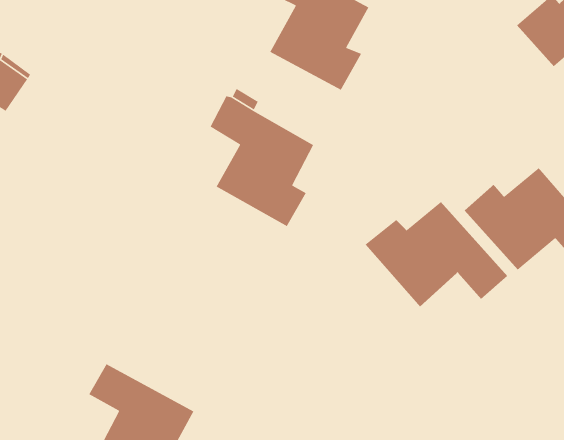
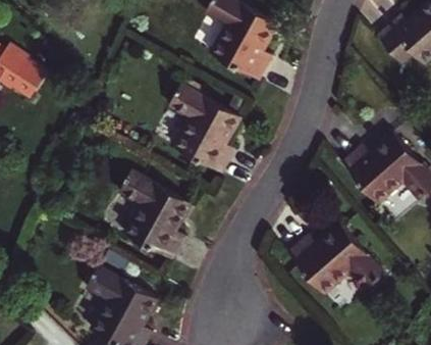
building: [365,201,508,307] -> [286,223,384,295]
building: none -> [118,169,191,260]

